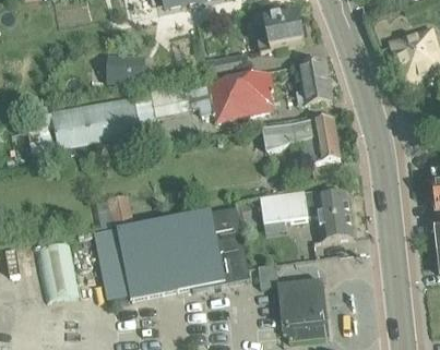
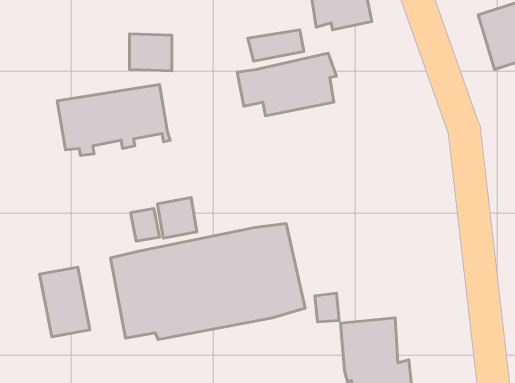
building: [295,58,332,104] -> none
building: [263,114,338,160] -> none
building: none -> [157,197,197,238]
building: [267,188,353,240] -> none

